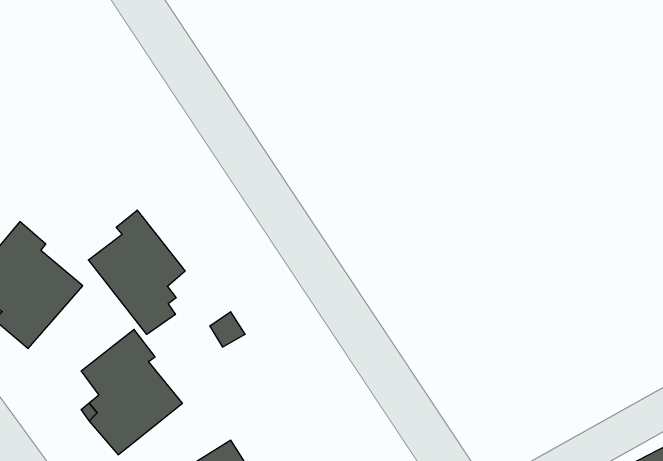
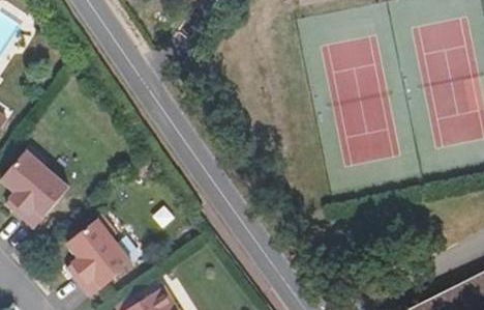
building: [88,210,185,334] -> none

